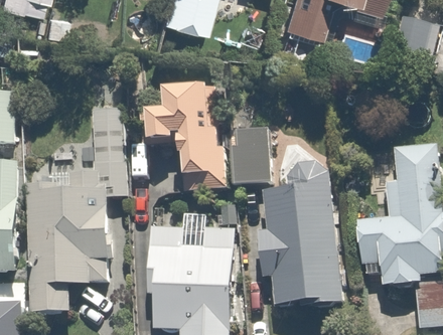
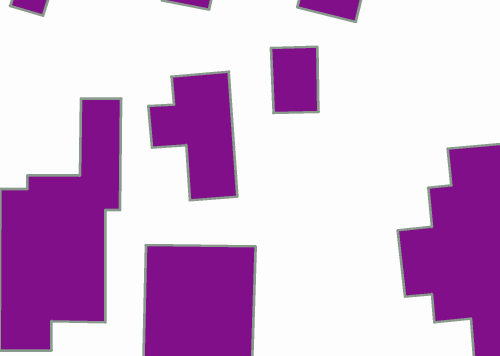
building: [232,129,271,183] -> [271,47,319,113]
building: [258,167,342,309] -> none

